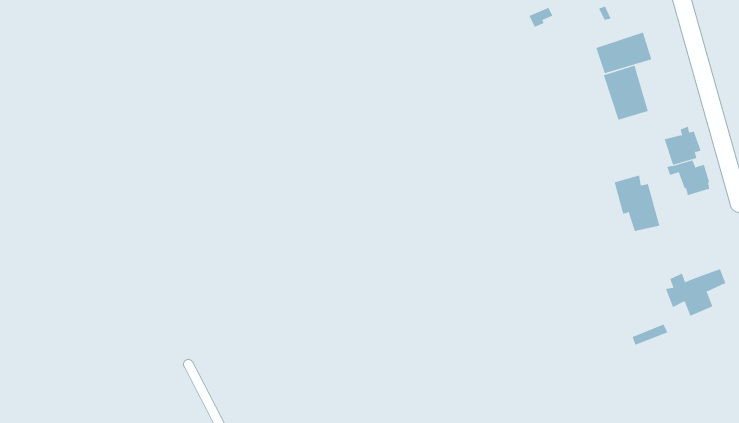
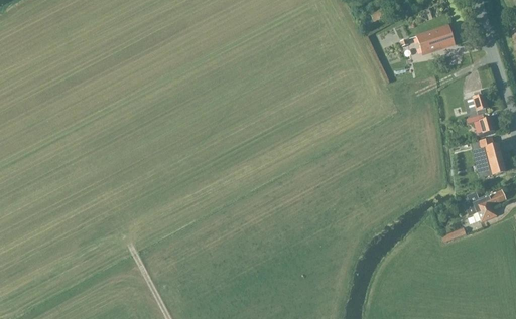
building: [603,65,649,121] -> none
building: [614,175,660,232] -> [474,137,506,176]

